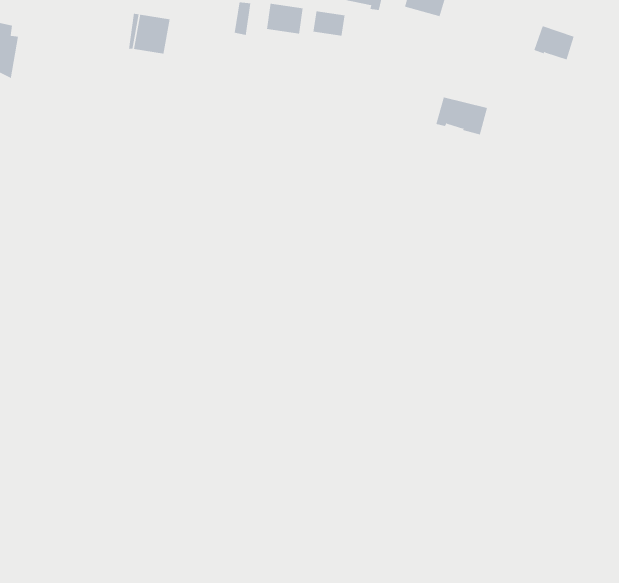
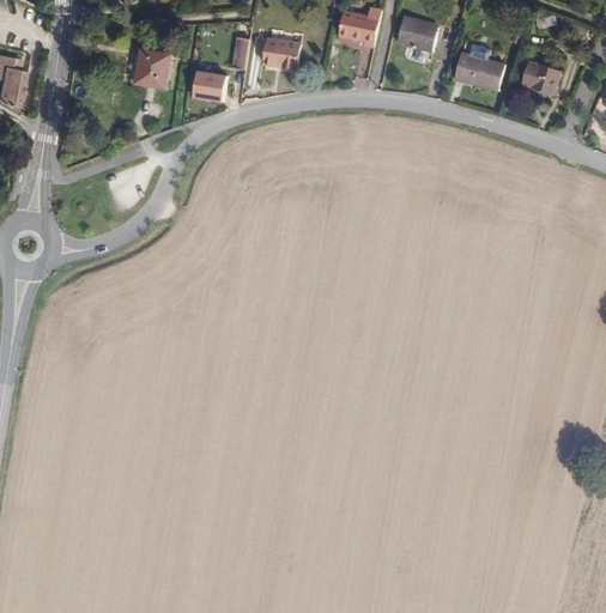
building: [313,11,345,36] -> none
building: none -> [192,71,225,103]
building: [436,97,488,135] -> [454,53,504,90]

